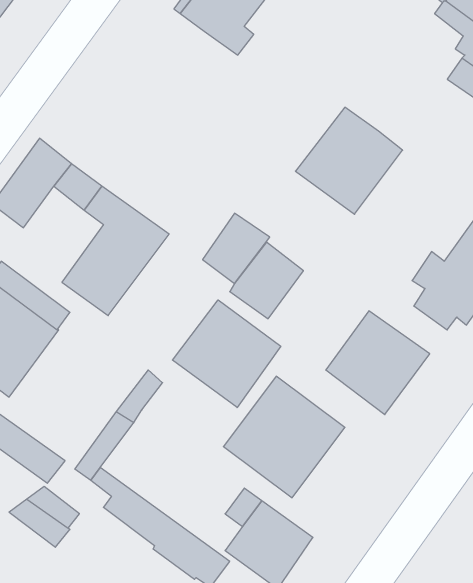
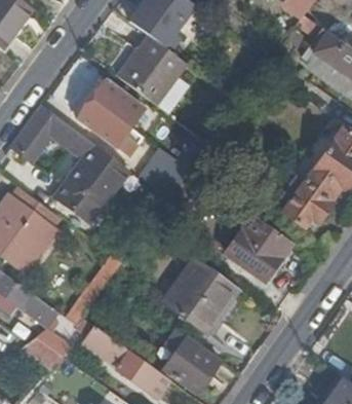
building: none -> [77,79,144,147]
building: [295,107,403,214] -> [117,35,186,104]
building: [172,300,281,408] -> none

